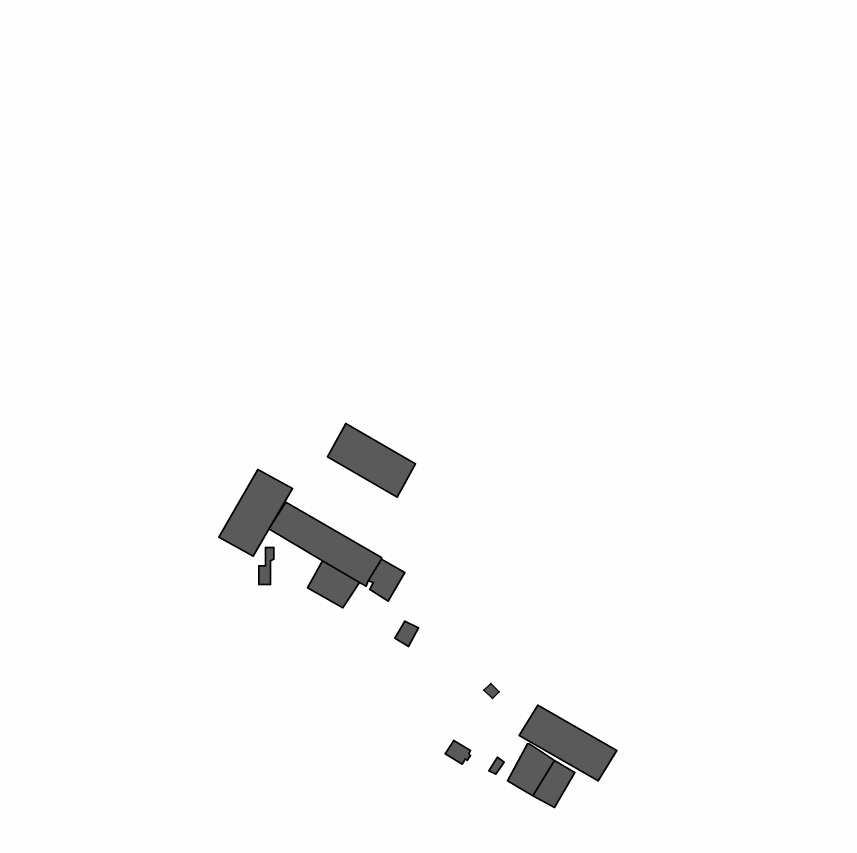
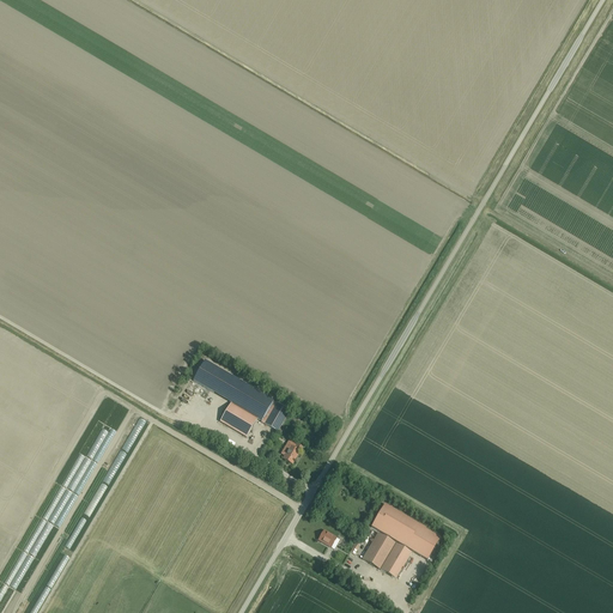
building: [327,423,416,497] -> none
building: [219,469,292,556] -> none

